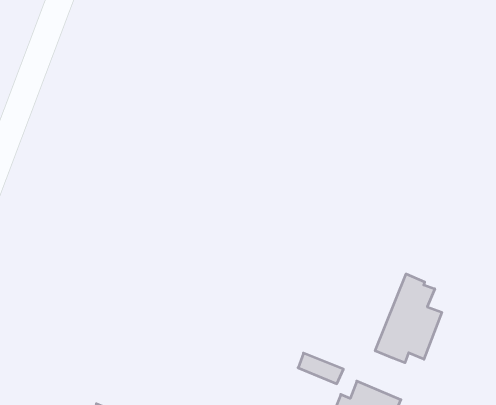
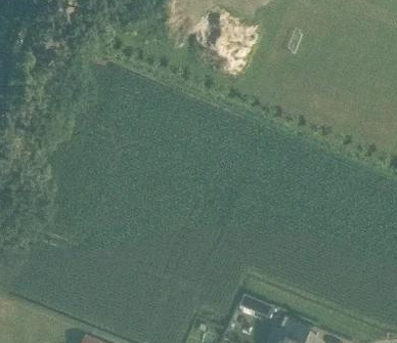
building: [375,274,442,363] -> none

